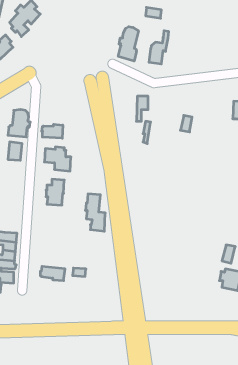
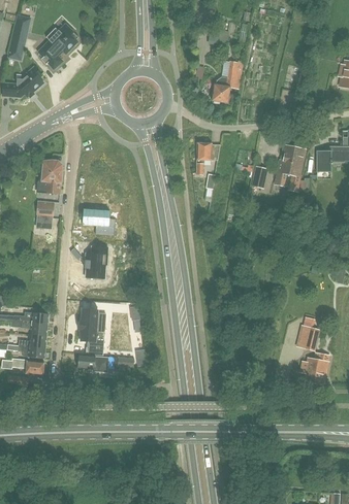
building: [118,27,138,61] -> none
building: none -> [275,145,304,189]
building: [42,124,63,138] -> none
building: [85,194,105,231] -> [78,309,103,356]

